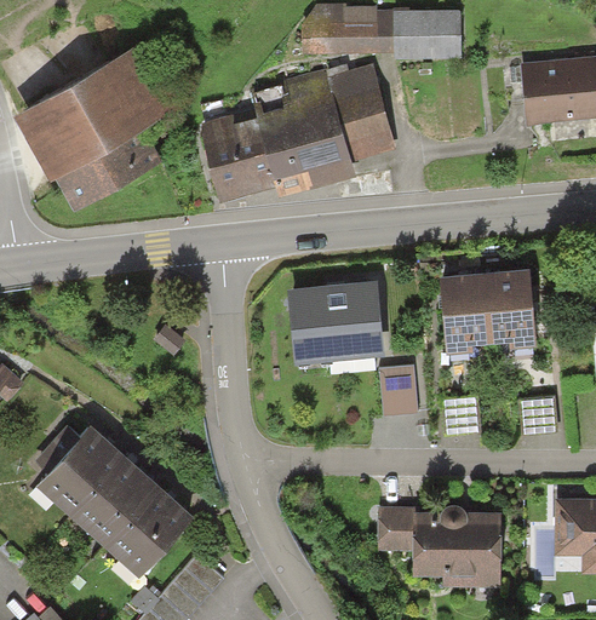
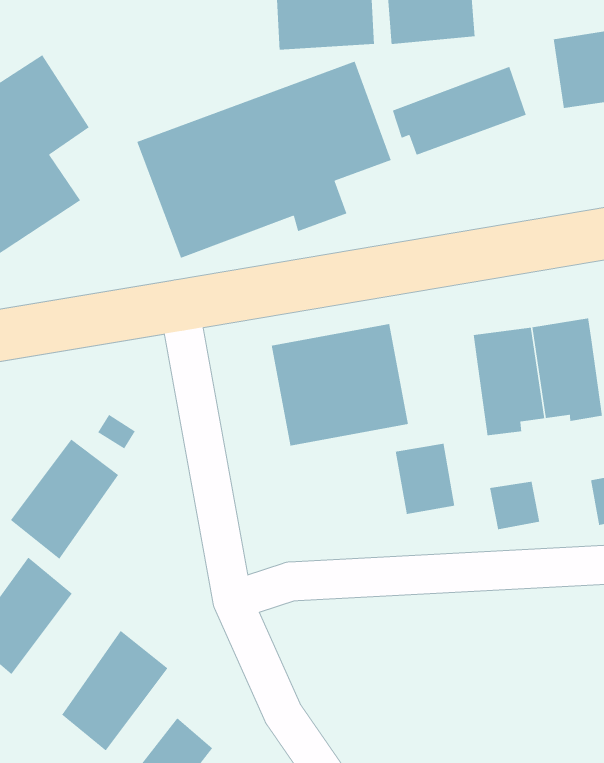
building: none -> [392,66,527,156]
building: [74,455,159,546] -> [10,438,119,560]
building: [377,509,491,579] -> none

